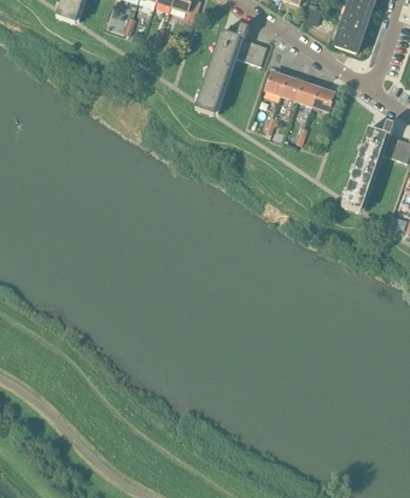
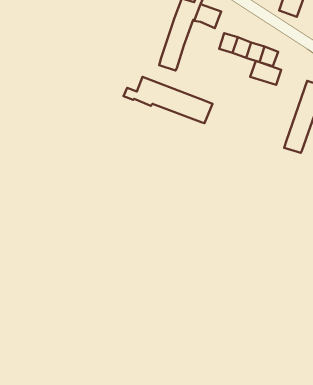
building: none -> [250,61,281,85]
building: none -> [124,77,212,123]

